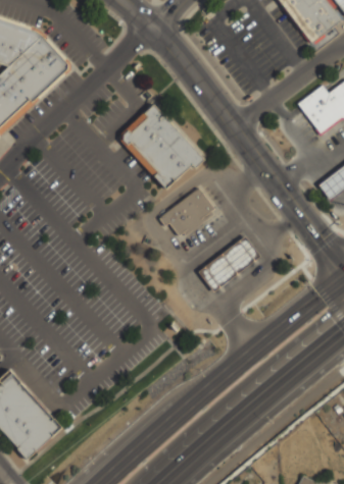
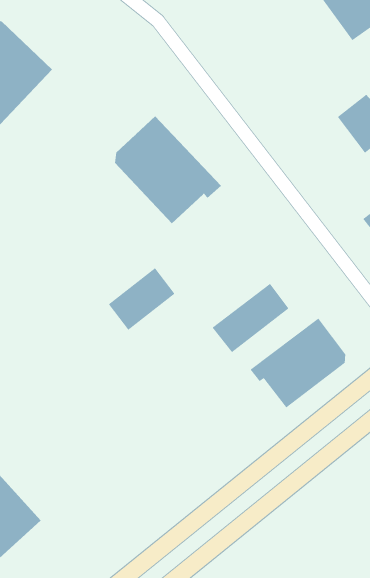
building: [161,189,215,239] -> [108,267,176,331]
building: none -> [250,318,346,408]

